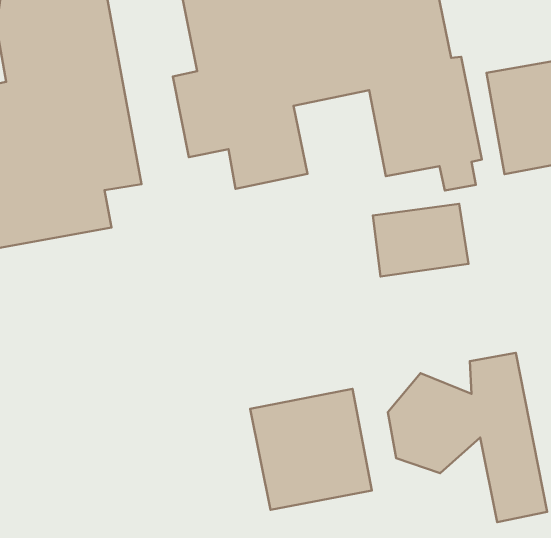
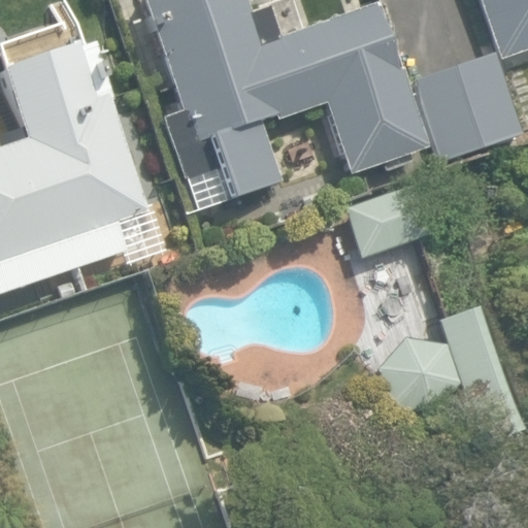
building: [250,389,372,510] -> none

